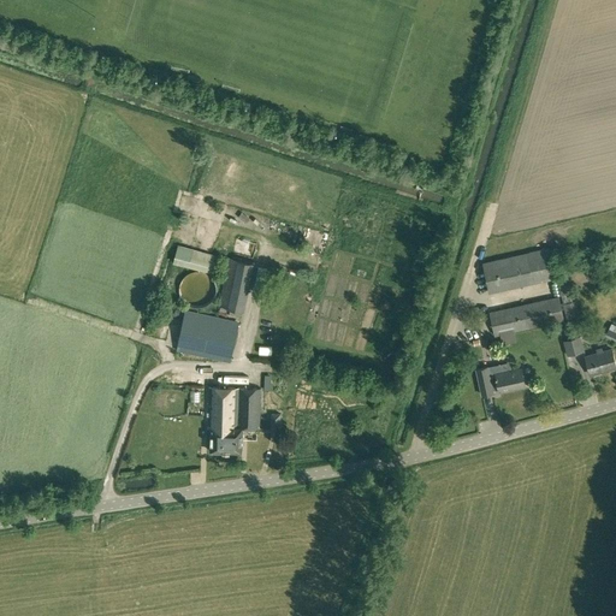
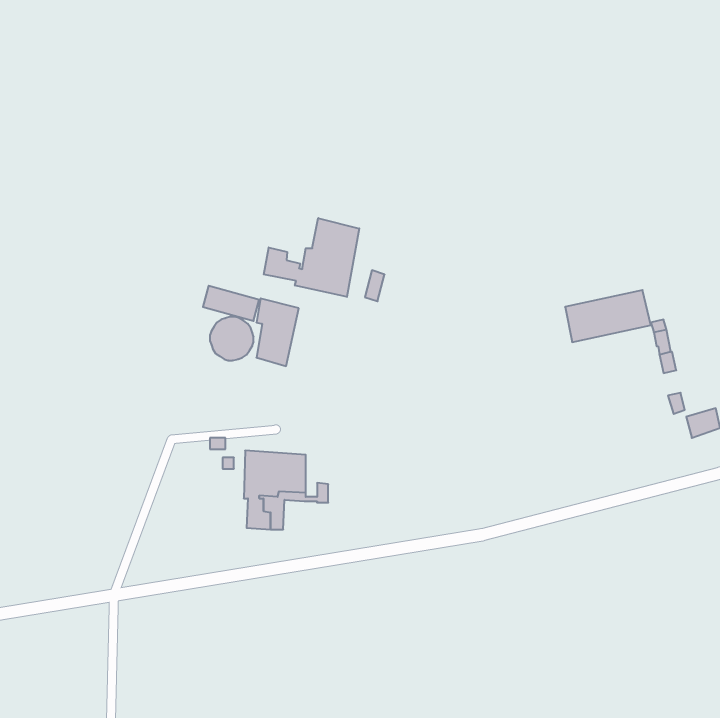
building: none -> [264,218,359,297]
building: [490,296,564,337] -> none
building: [178,313,237,361] -> none
building: [476,367,526,397] -> none

